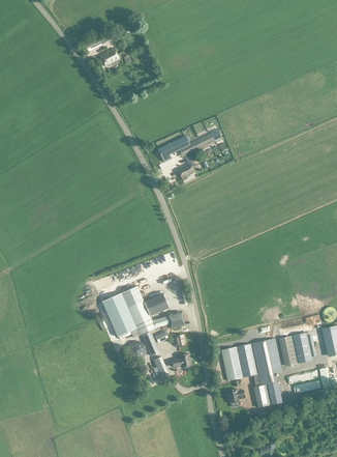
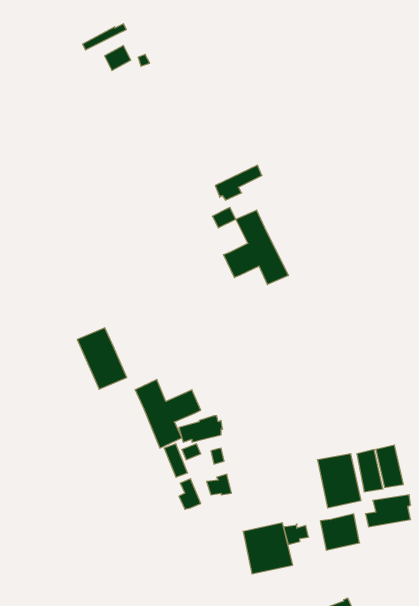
building: none -> [223,210,288,285]
building: [102,293,137,337] -> [77,328,127,389]
building: [221,344,256,380] -> [243,523,293,574]

